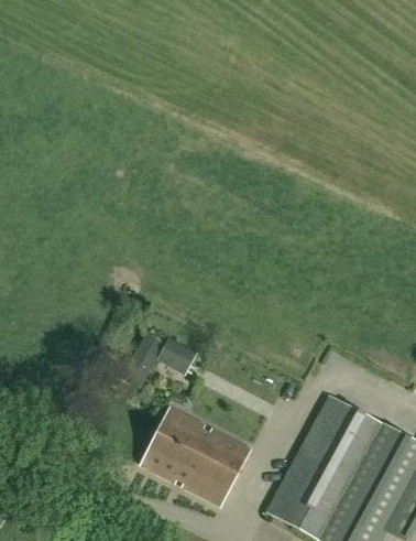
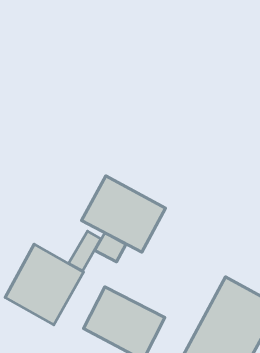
building: none -> [81,176,166,252]
building: none -> [5,244,83,325]

